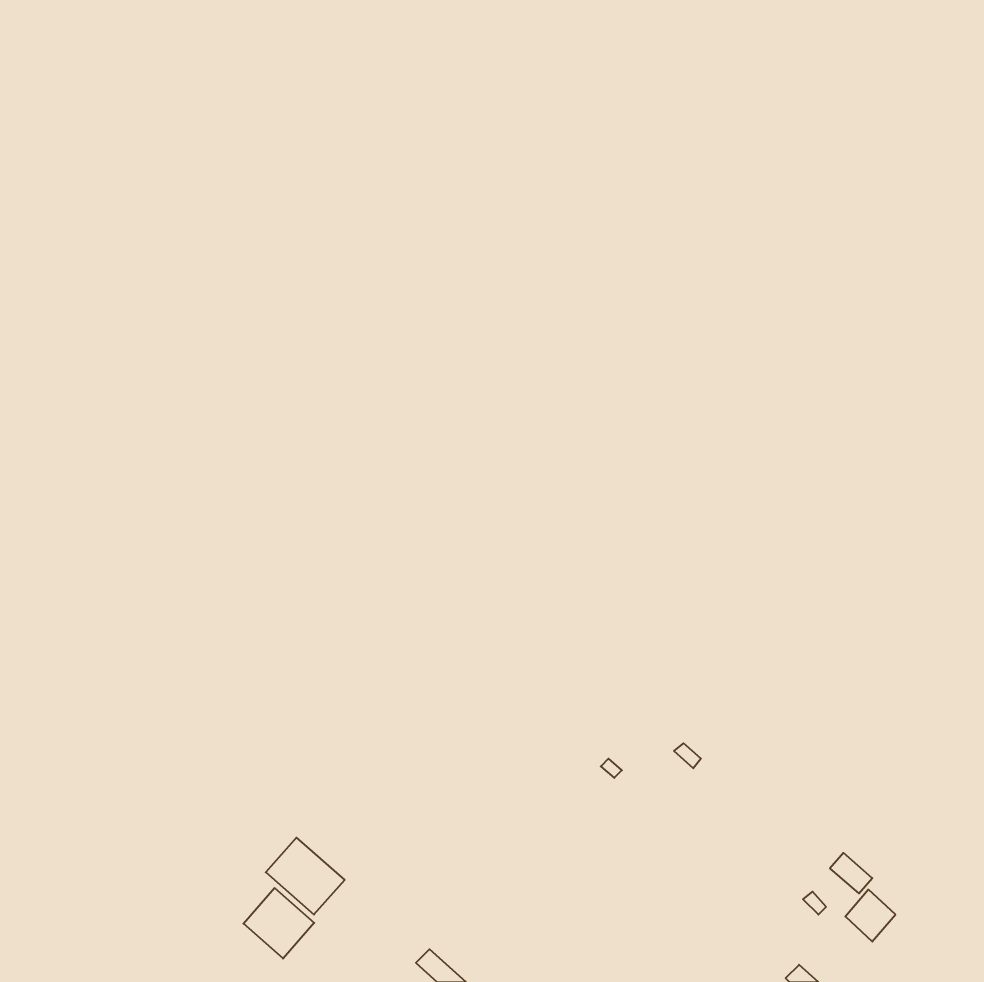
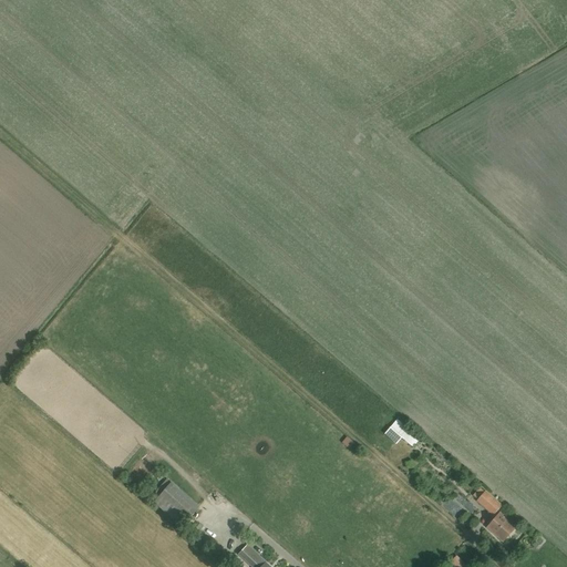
building: [243,888,314,959] -> none

